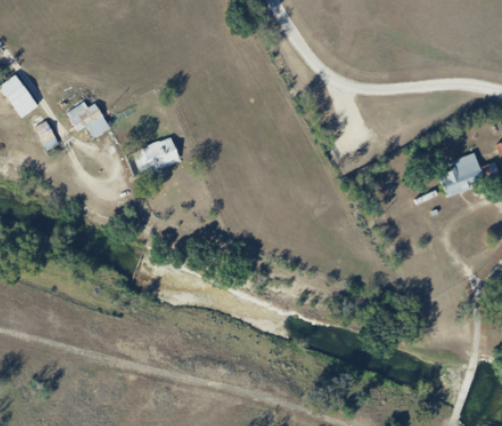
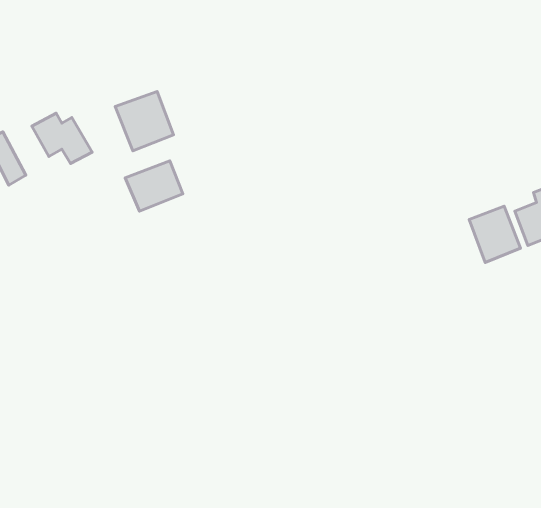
building: none -> [115,91,174,151]
building: none -> [469,206,521,263]

